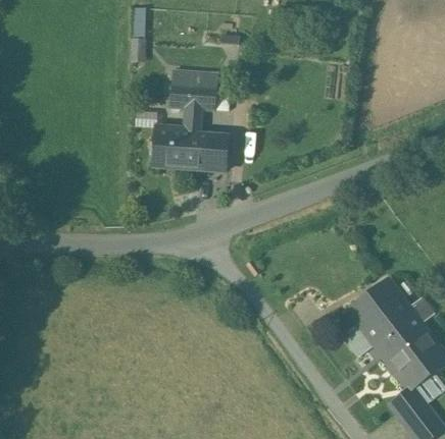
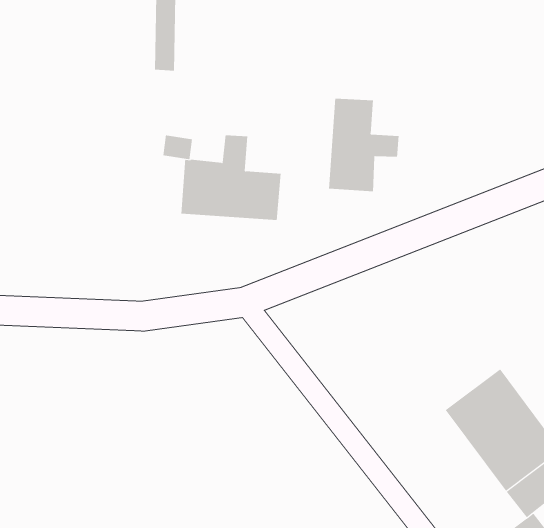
building: [169,70,216,110] -> none
building: none -> [328,98,399,192]

